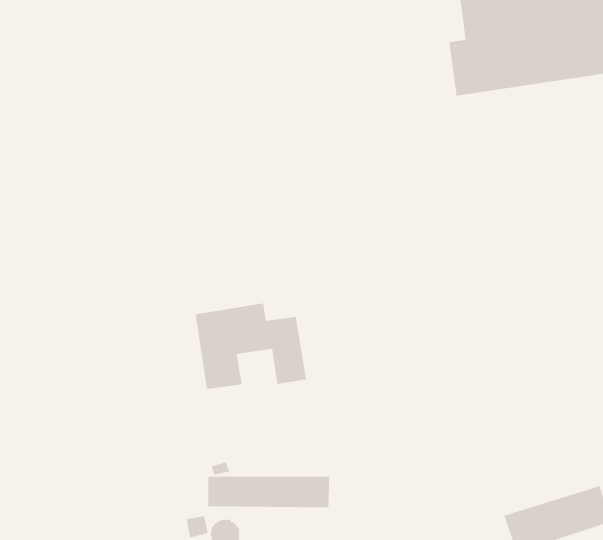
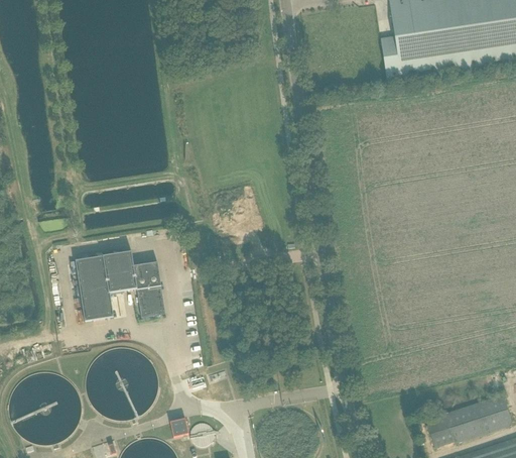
building: [195,303,307,389] -> [76,250,165,320]
building: [208,476,330,508] -> none

